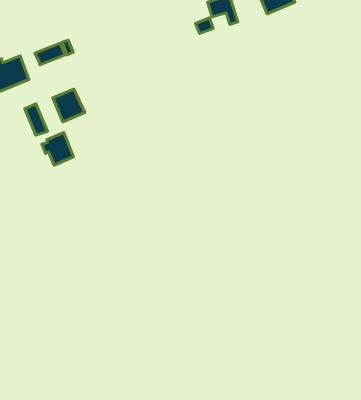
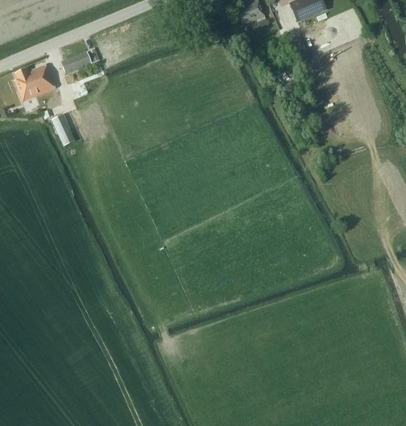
building: [53,89,85,122] -> none
building: [42,132,74,165] -> none

